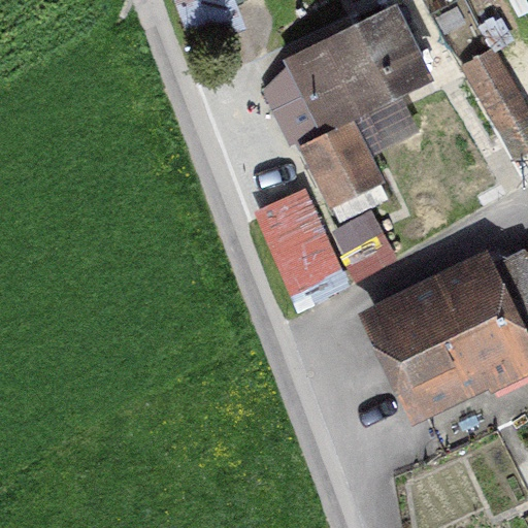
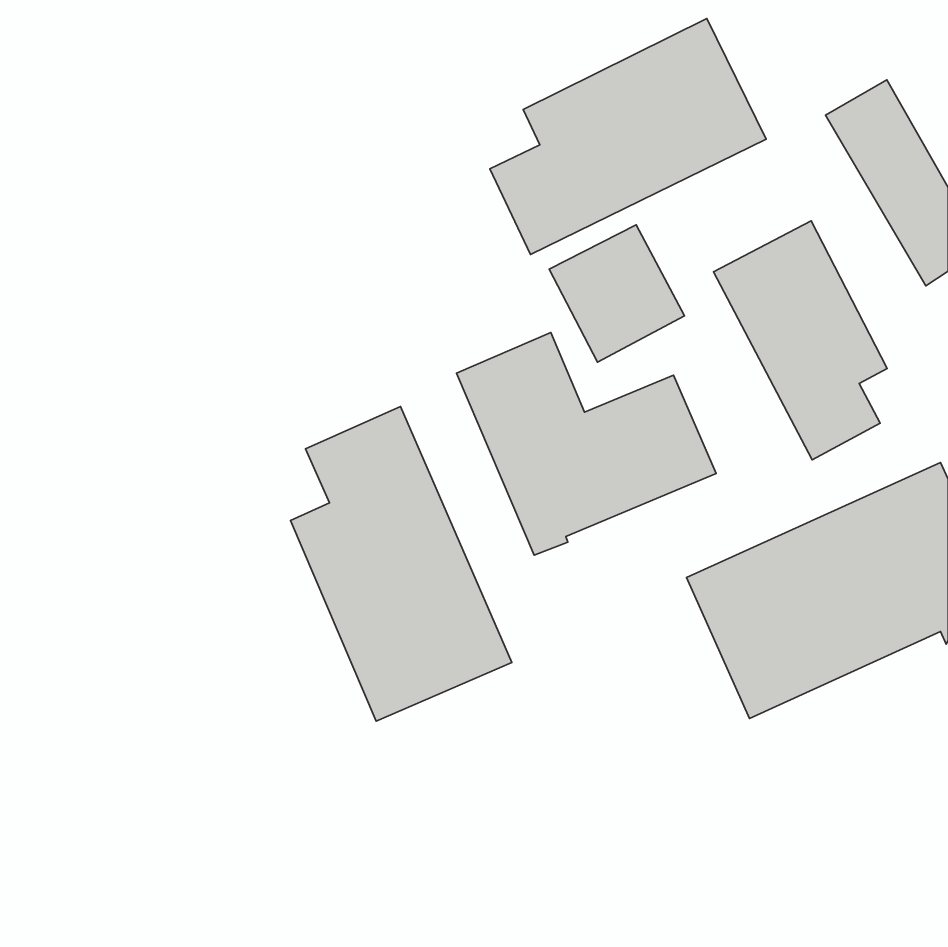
building: none -> [714,221,887,460]
building: none -> [290,407,512,721]

